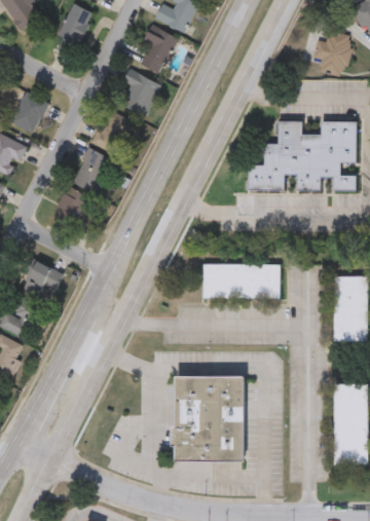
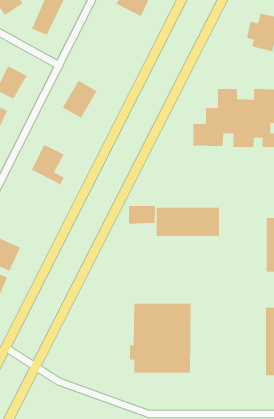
building: [139,25,177,73] -> none
building: [113,70,159,116] -> none
building: [72,147,114,194] -> none
building: [22,257,55,300] -> none
building: none -> [129,205,156,224]

